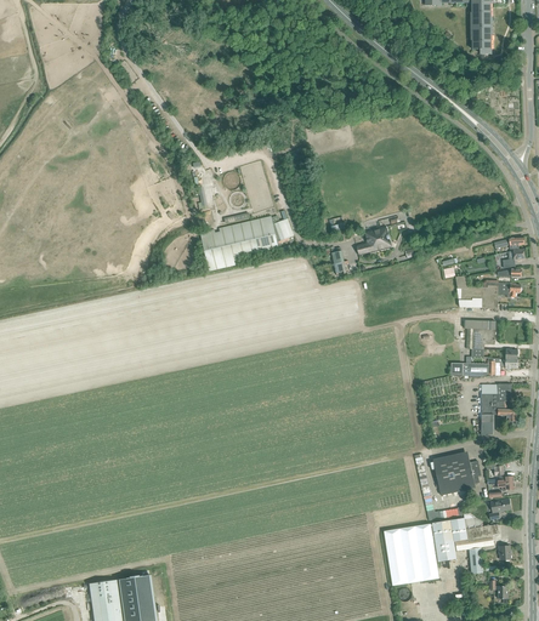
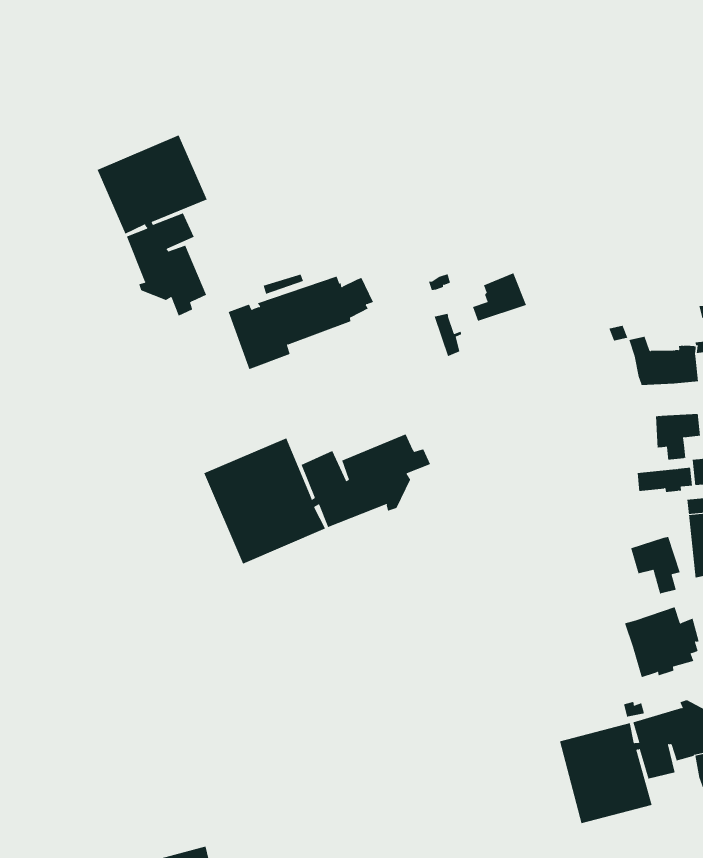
building: none -> [97,135,207,317]
building: none -> [203,433,431,565]
building: none -> [631,536,681,594]

